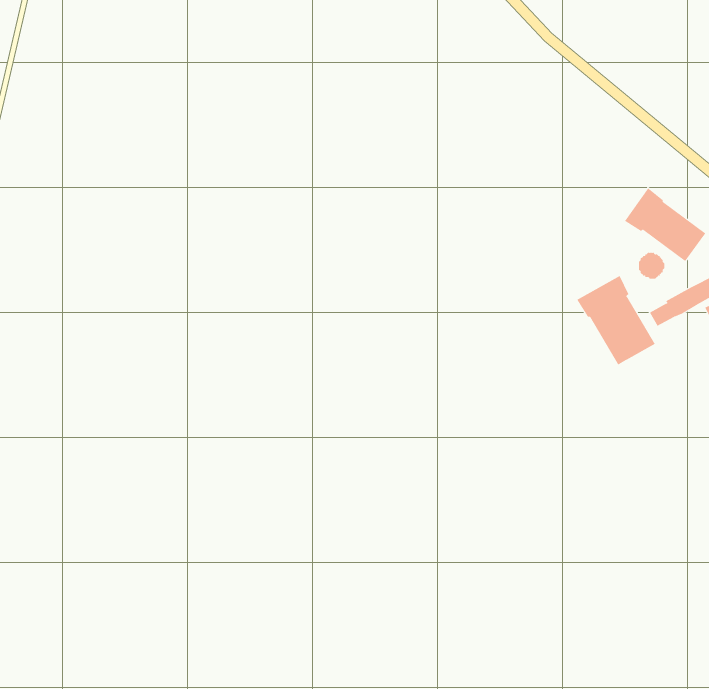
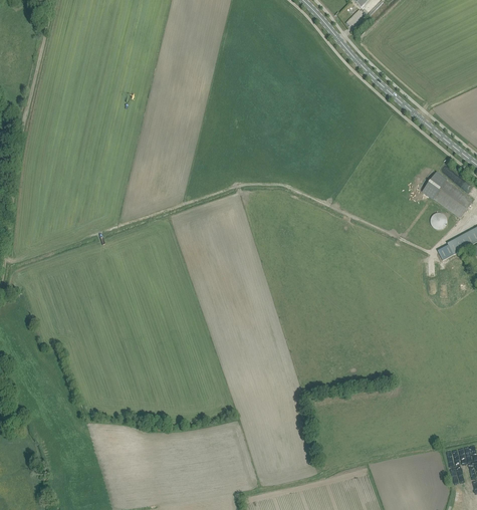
building: [576,275,655,366] -> none

